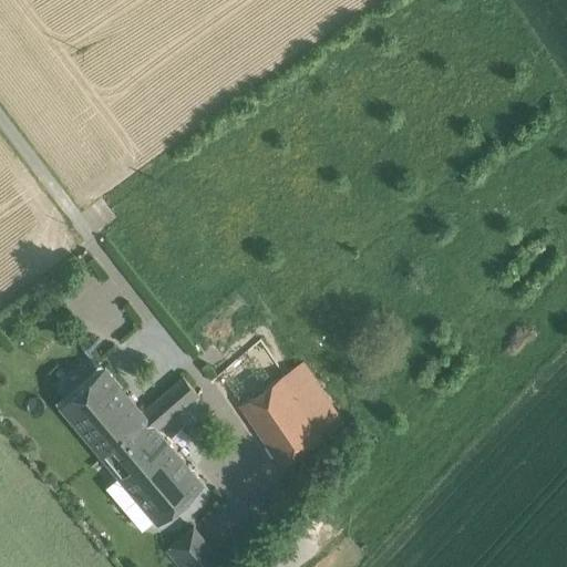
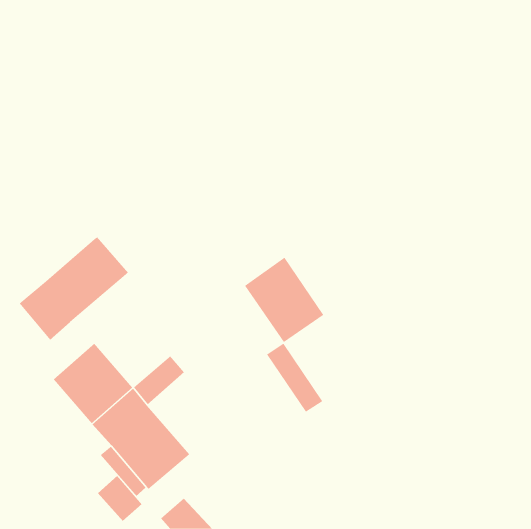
building: none -> [19,236,129,341]
building: [240,378,326,470] -> [244,257,324,343]
building: none -> [97,475,142,522]

